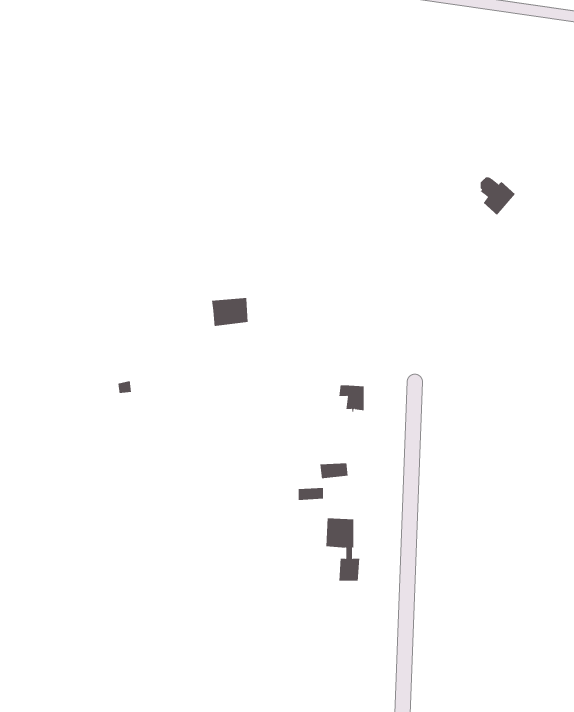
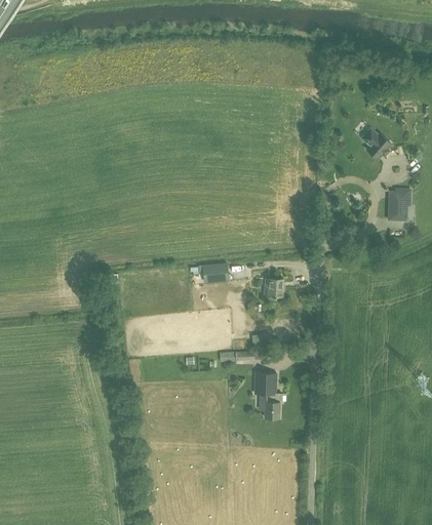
building: none -> [388,191,405,219]
building: [211,298,249,326] -> [201,262,228,283]

